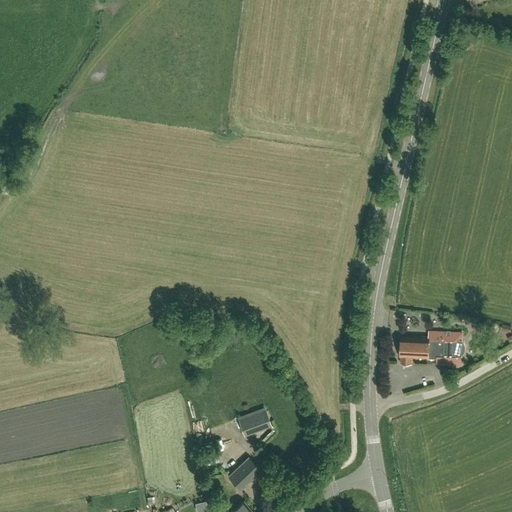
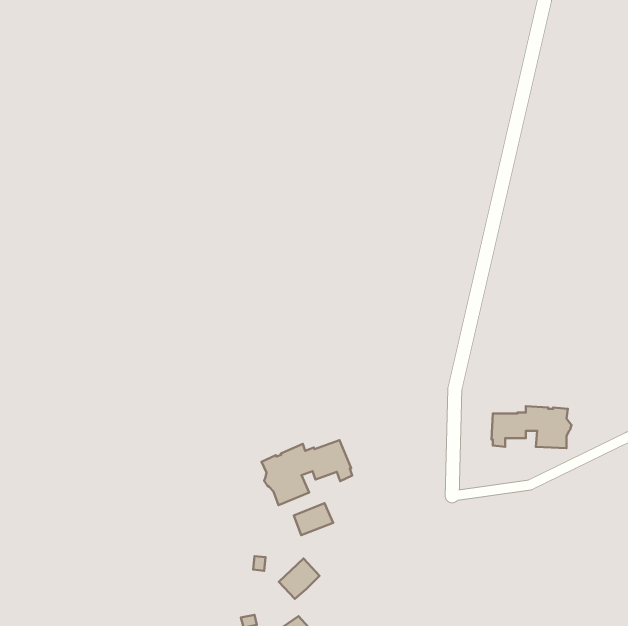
building: none -> [261,440,352,505]

